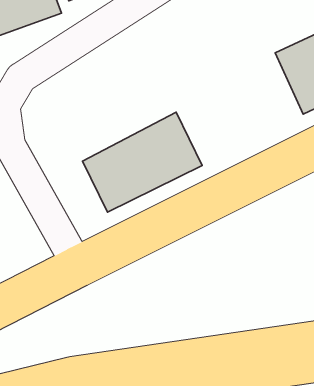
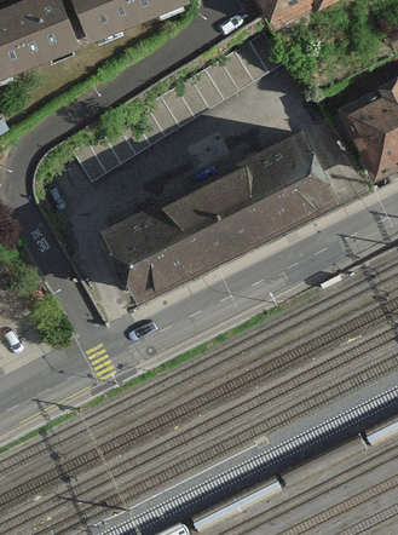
building: none -> [214,128,336,235]

